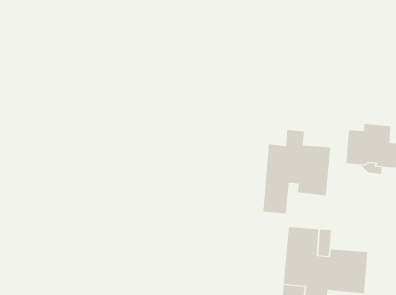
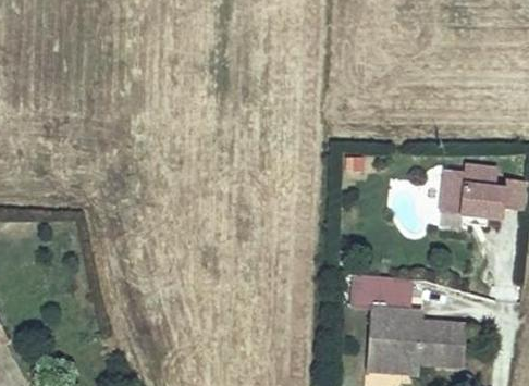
building: [263,129,331,214] -> none

